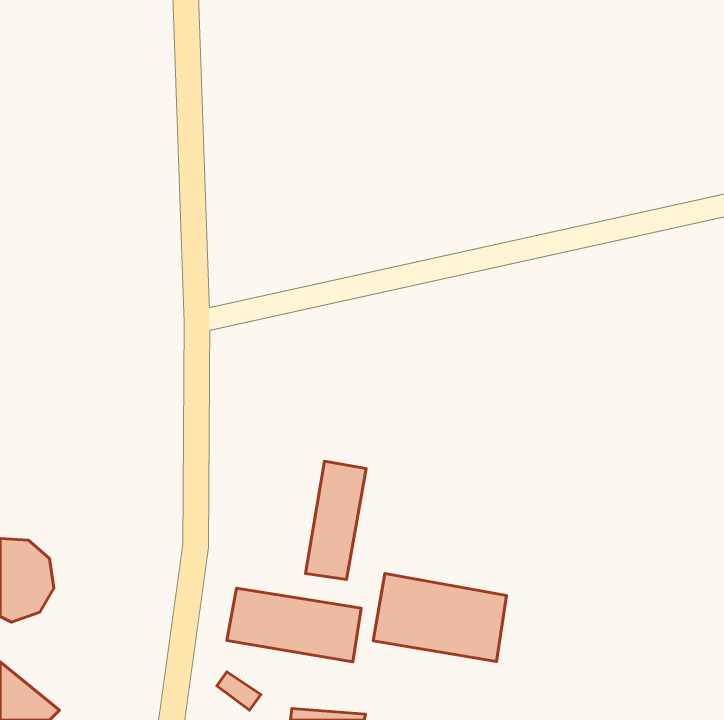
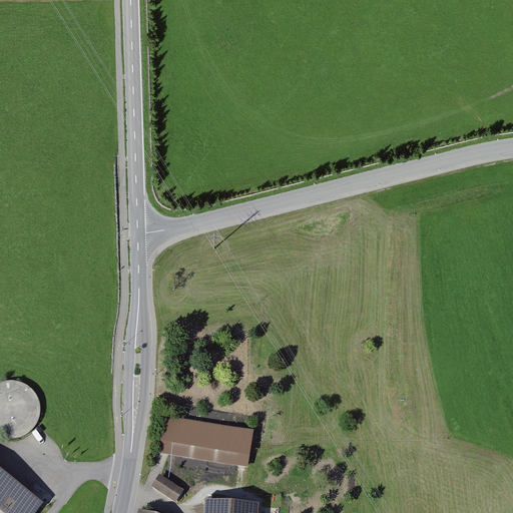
building: [305,461,366,580] -> none
building: [373,573,507,662] -> none

